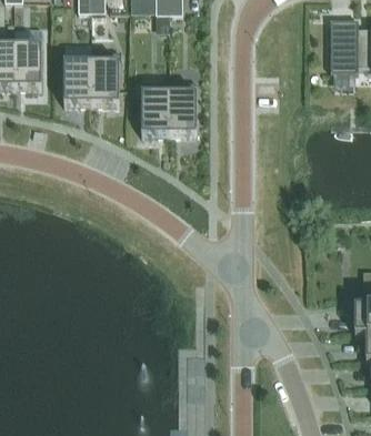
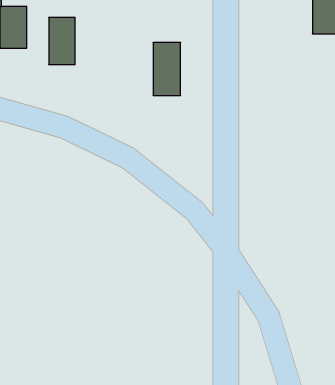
building: [90,53,119,108] -> none
building: [141,84,169,138] -> none

